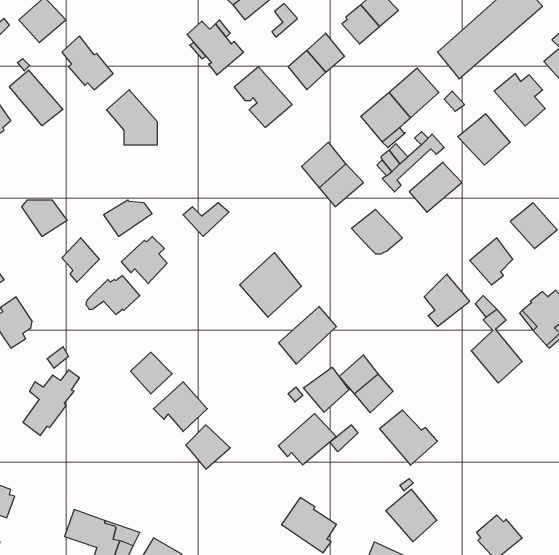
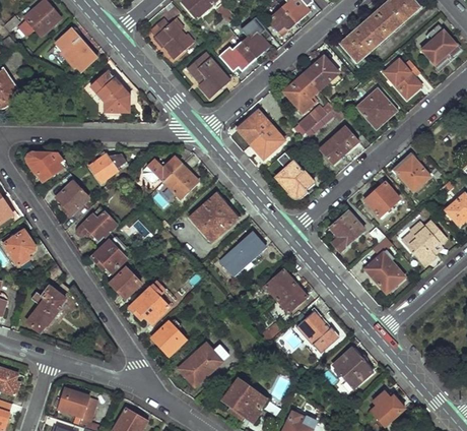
building: [9,70,63,126] -> none
building: none -> [163,163,199,198]
building: [121,236,167,284] -> [90,238,125,273]
building: [303,367,349,412] -> none
building: [278,414,336,465] -> [179,344,222,382]
building: [386,489,437,542] -> [333,349,372,388]

